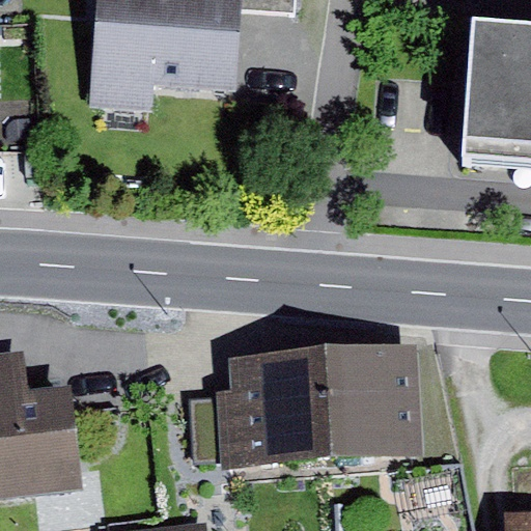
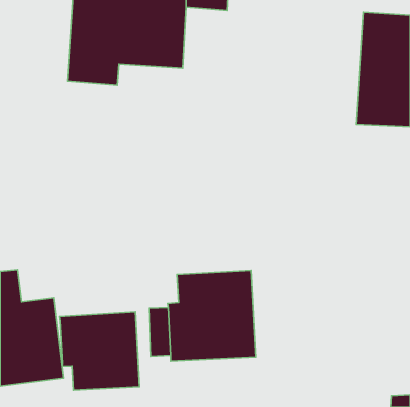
building: [325,344,423,462] -> none
building: none -> [59,312,139,390]

